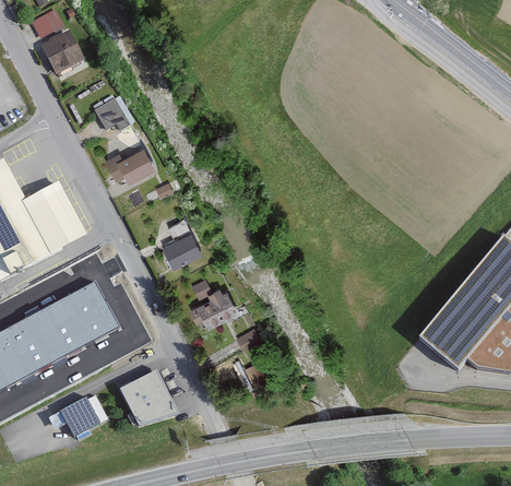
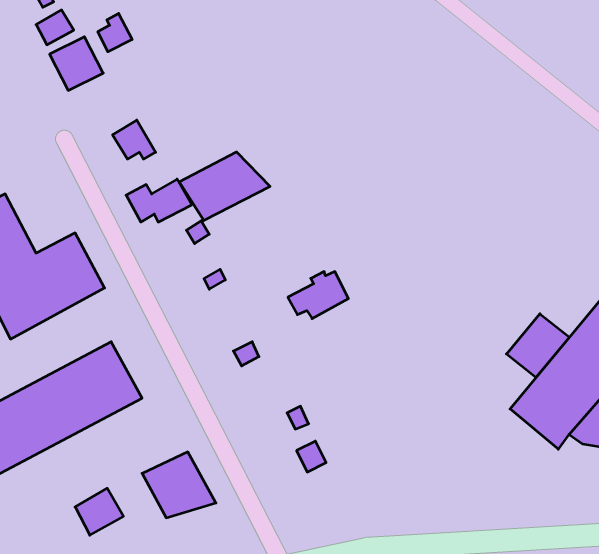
building: none -> [98,13,132,52]
building: none -> [179,152,270,221]
building: [164,233,203,269] -> none
building: none -> [506,314,569,378]
building: [192,289,241,328] -> [288,272,348,319]

